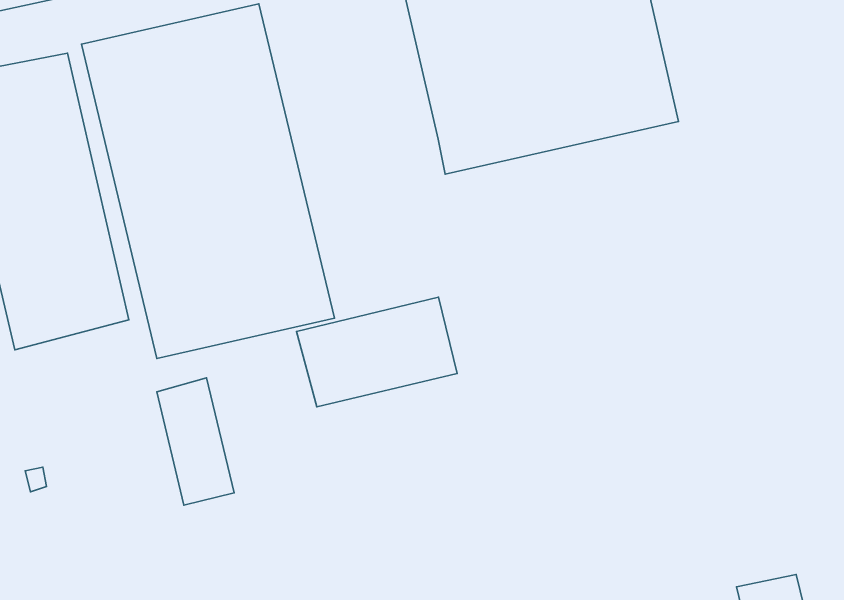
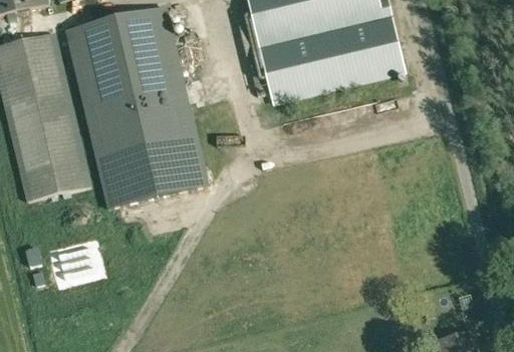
building: [296,297,457,407] -> none
building: [157,378,234,505] -> none

